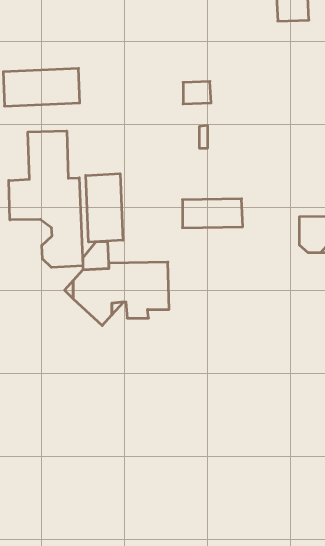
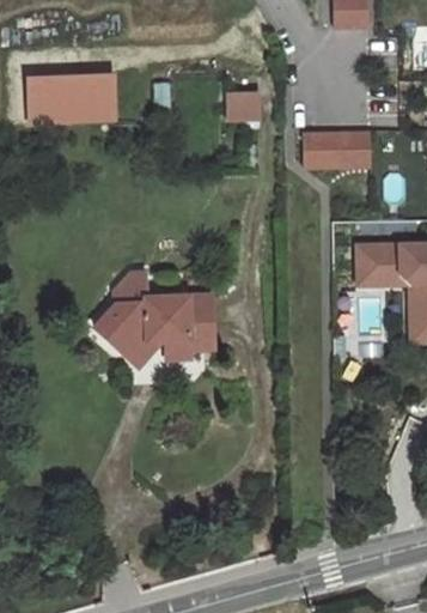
building: [9,131,83,267] -> none
building: [86,174,123,242] -> none
building: [182,199,243,228] -> [303,133,370,165]

